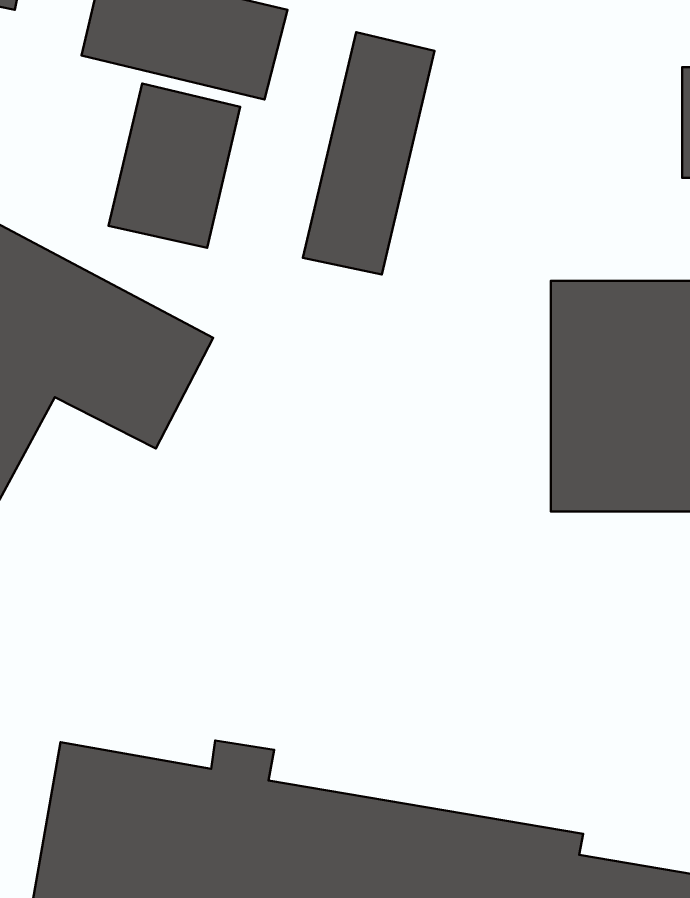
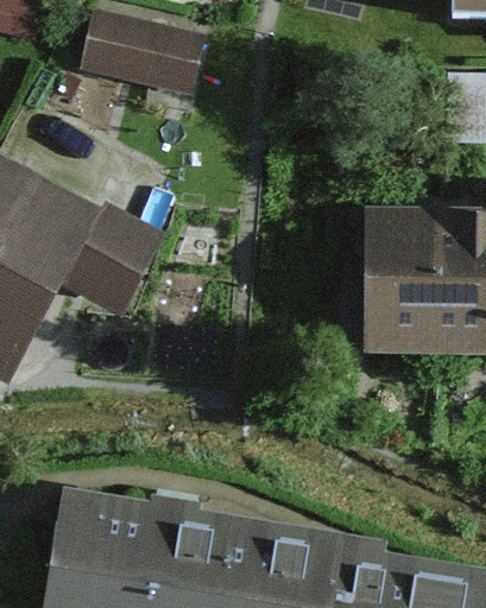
building: [303,32,435,275] -> none
building: [108,83,240,248] -> none

